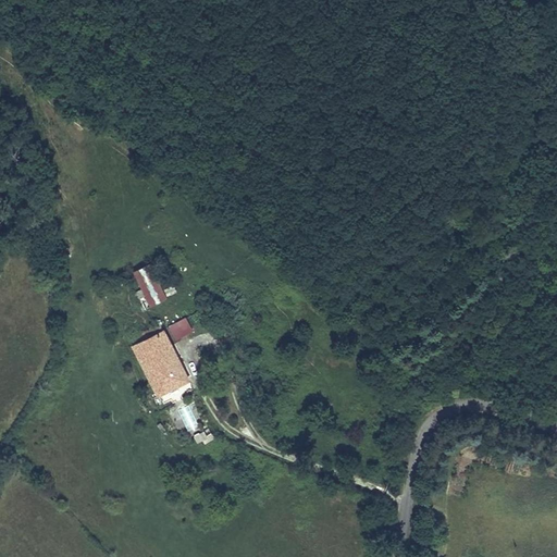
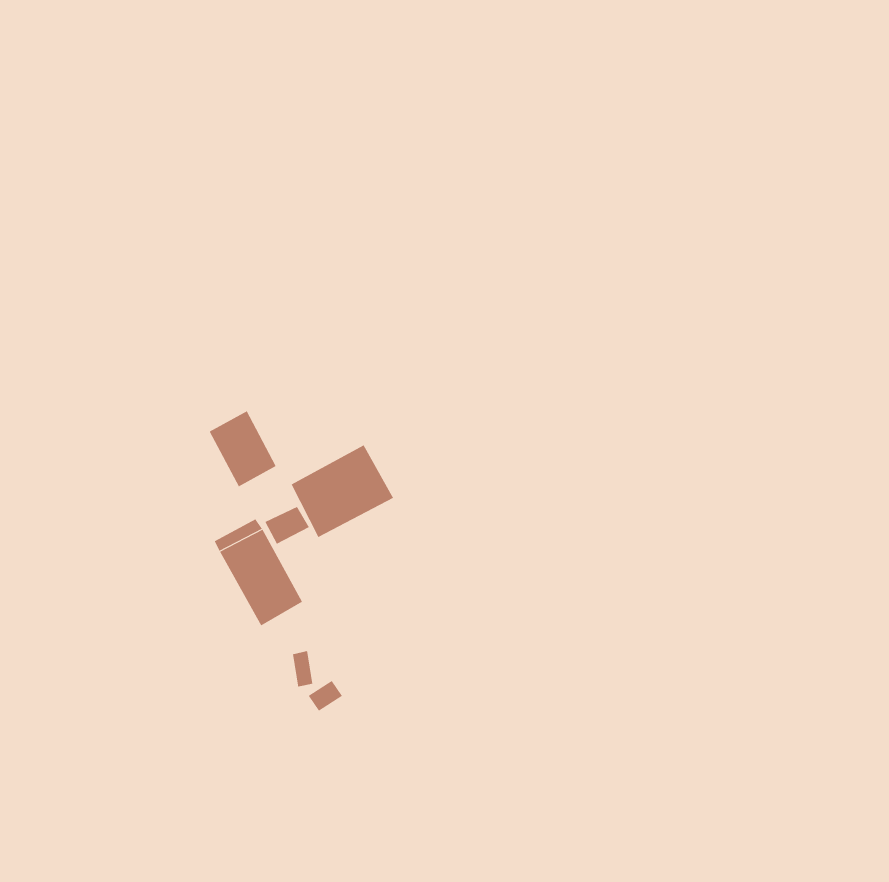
building: none -> [291,445,394,538]

